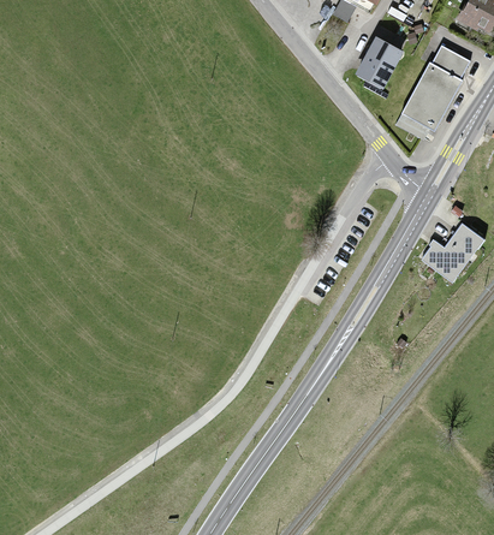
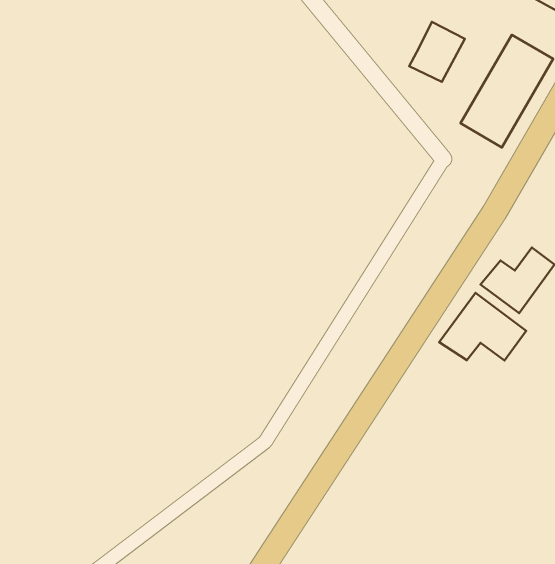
building: none -> [439,293,526,360]

